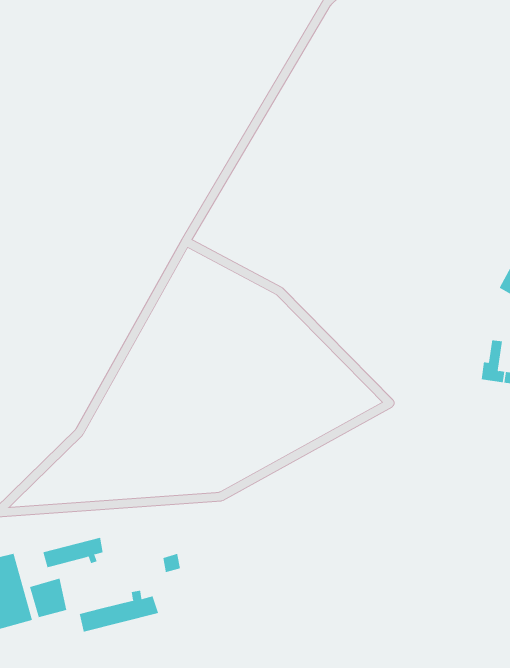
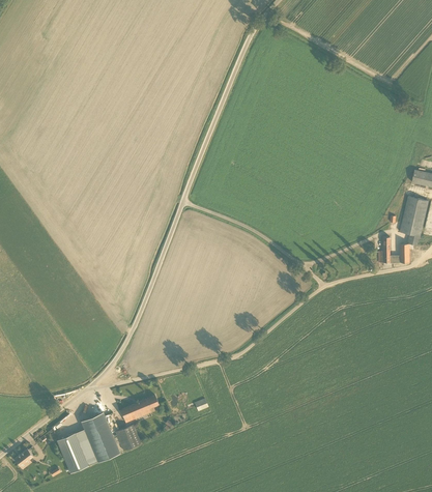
building: [79,590,159,633] -> none

